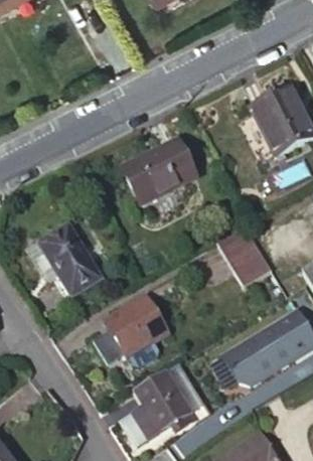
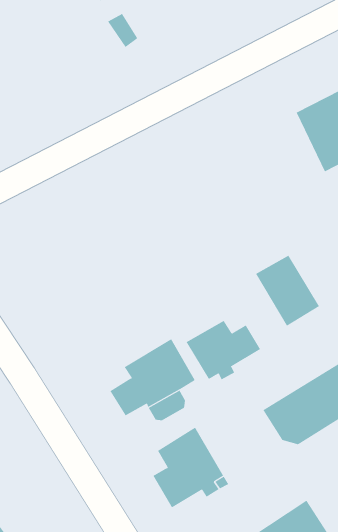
building: [123,138,196,204] -> none
building: [40,222,104,297] -> none
building: none -> [186,320,261,380]

